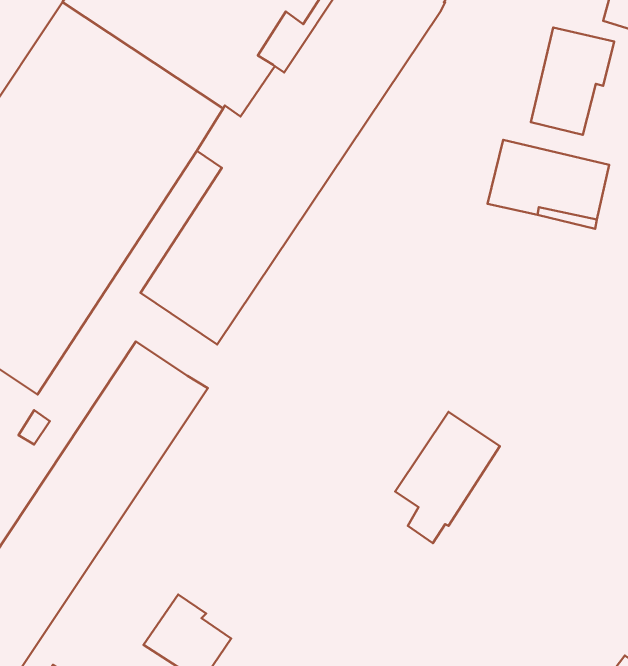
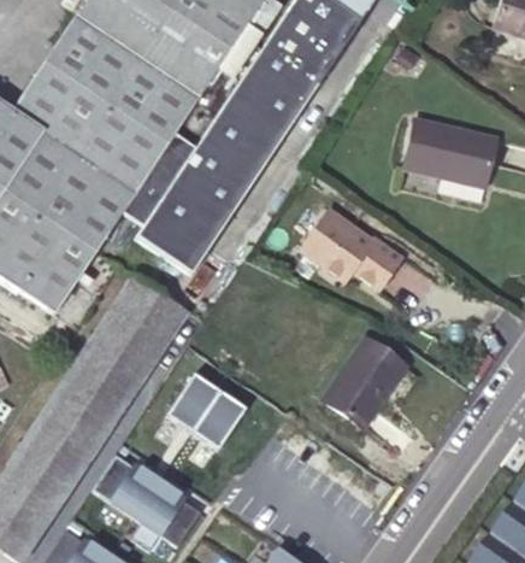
building: [531,28,614,135] -> none
building: none -> [302,204,405,282]
building: none -> [170,368,248,444]
building: none -> [95,448,163,511]

